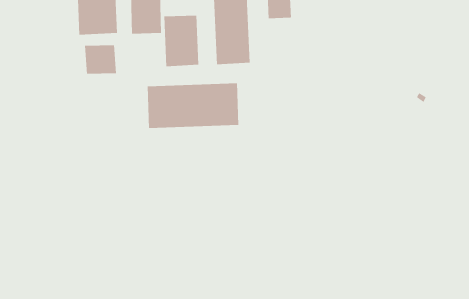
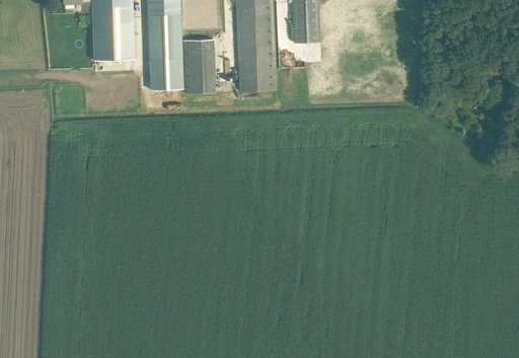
building: [84,45,117,74] -> [148,58,182,89]
building: [147,83,239,129] -> none

